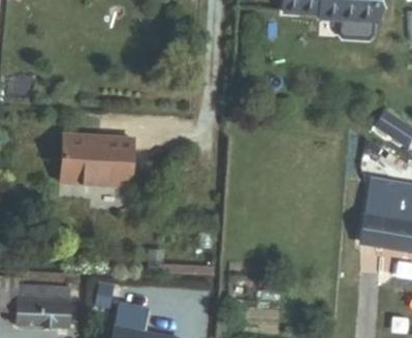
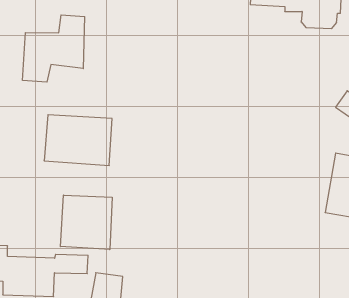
building: none -> [23,15,85,82]
building: none -> [60,195,112,250]

